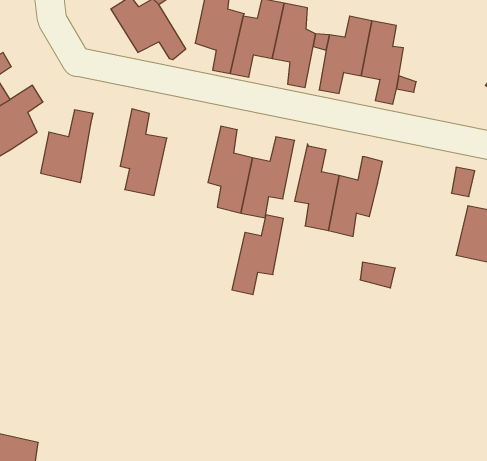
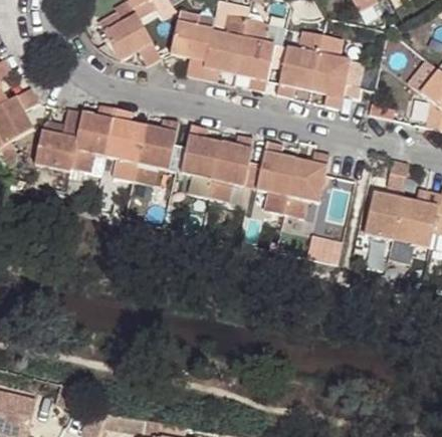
building: none -> [72,106,116,176]
building: none -> [366,187,404,235]
building: [232,215,283,295] -> [135,120,179,188]

